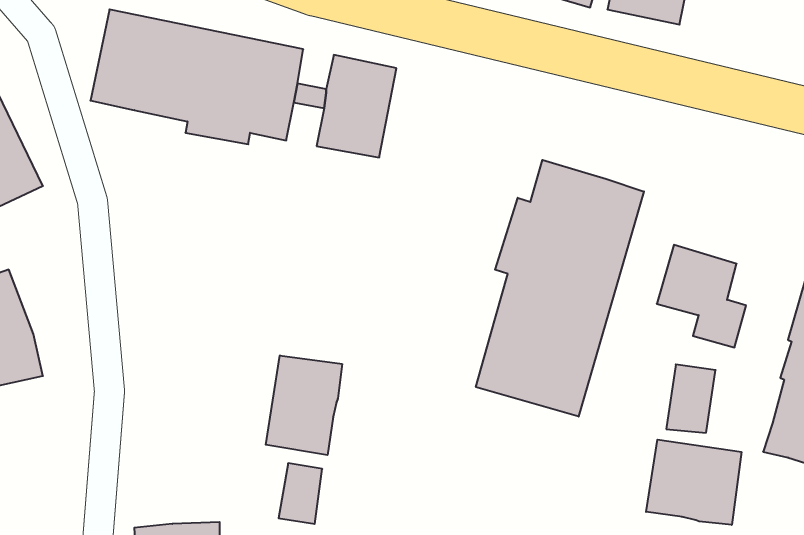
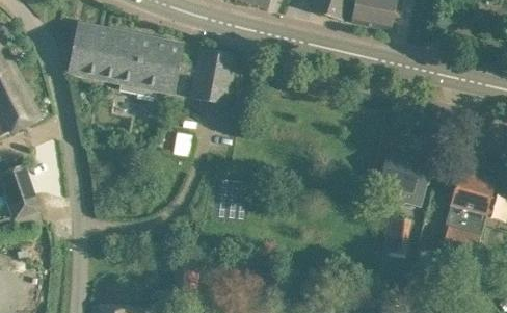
building: [476,160,644,417] -> none
building: [266,355,342,455] -> none
building: [646,440,741,525] -> none

